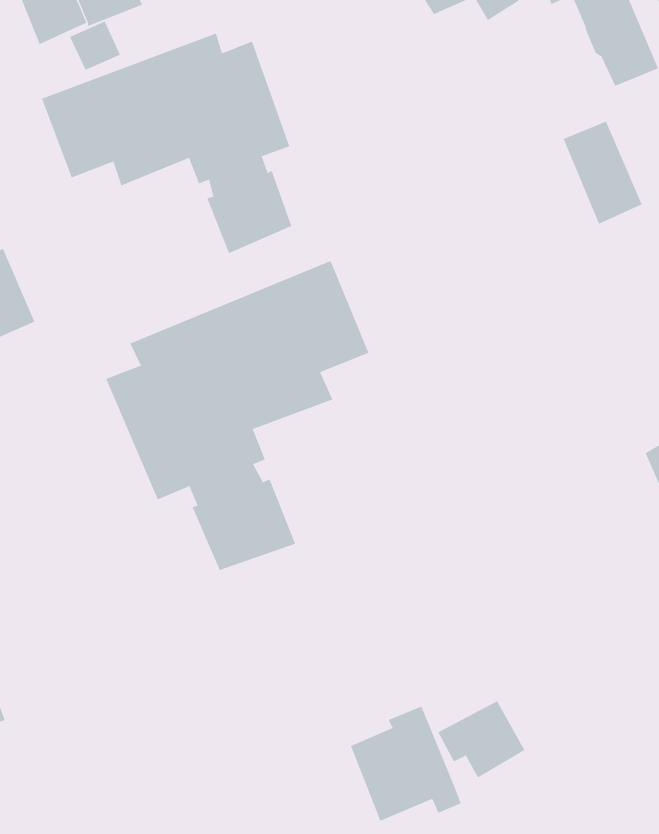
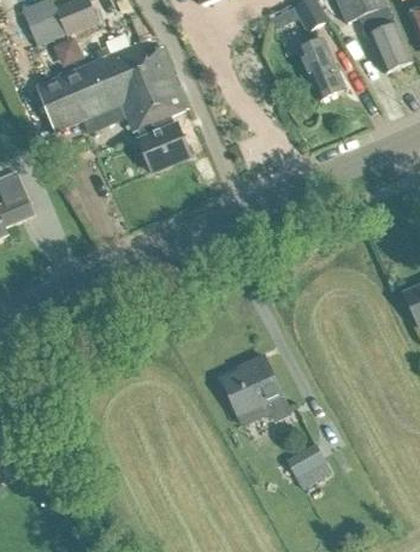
building: [563,121,642,224] -> [298,38,347,101]
building: [105,260,369,571] -> none
building: [350,706,462,821] -> [223,356,290,426]

